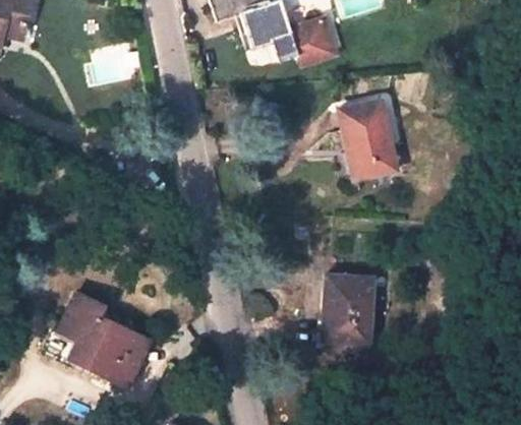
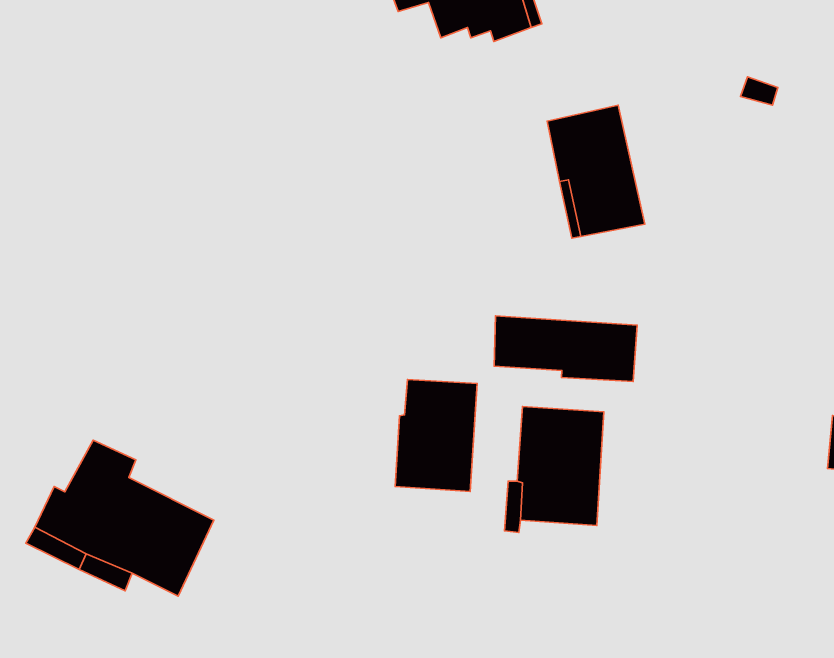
building: none -> [494,316,637,381]
building: none -> [395,379,477,491]

